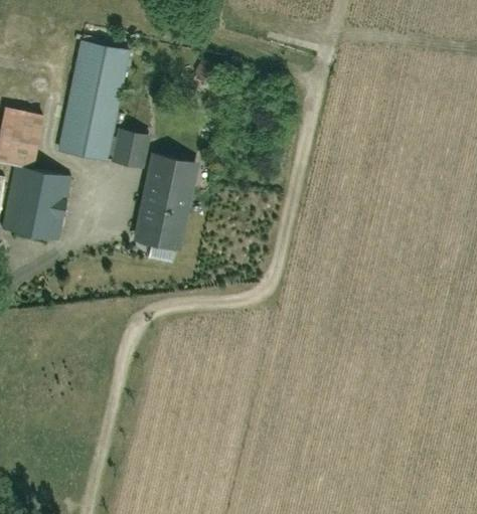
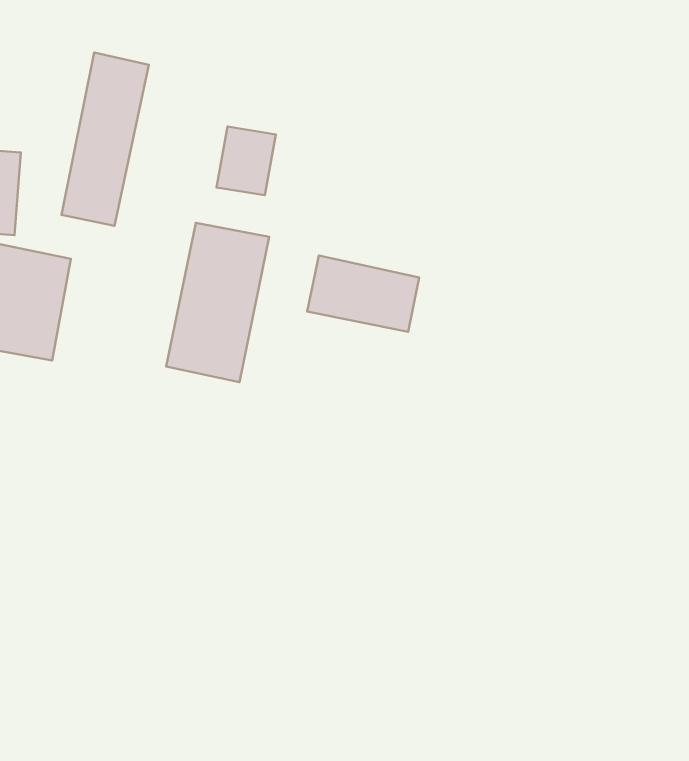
building: [112,124,150,168] -> [217,127,276,195]
building: none -> [307,256,419,332]

